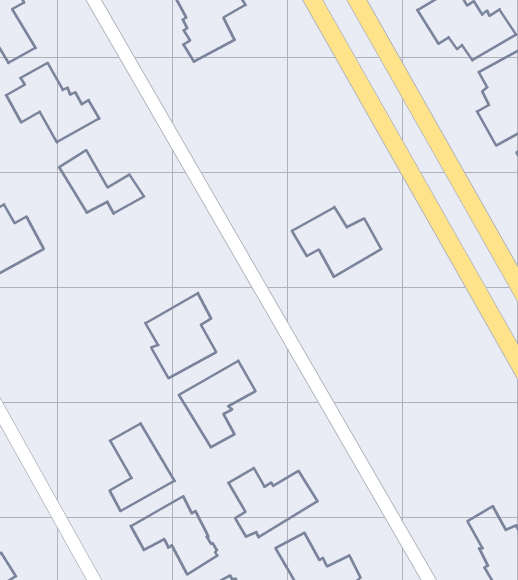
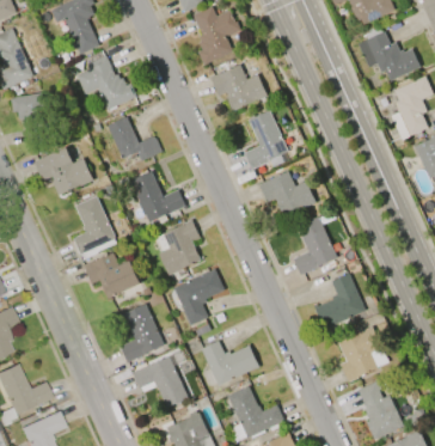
building: none -> [210,65,269,111]
building: none -> [245,110,289,169]
building: none -> [130,171,185,227]
building: none -> [293,216,337,275]
building: none -> [71,196,117,259]
building: none -> [314,274,366,329]
building: none -> [84,252,141,299]
building: none -> [338,326,382,383]

